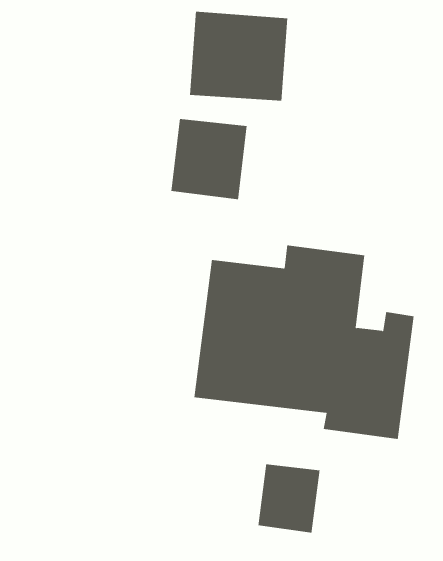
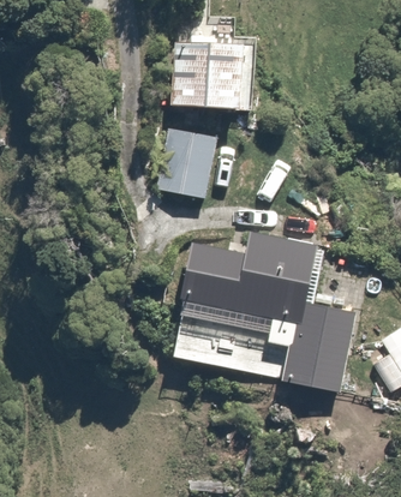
building: [258,463,320,534] -> none

